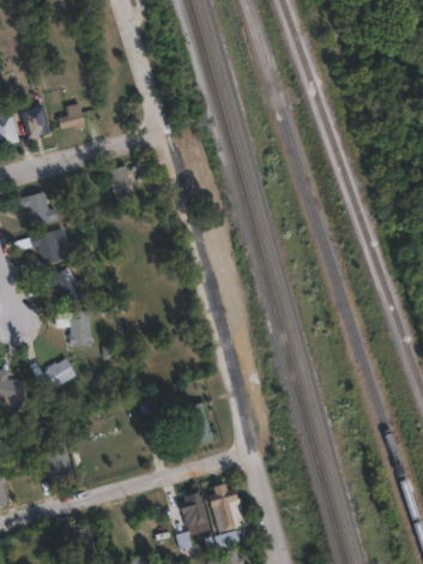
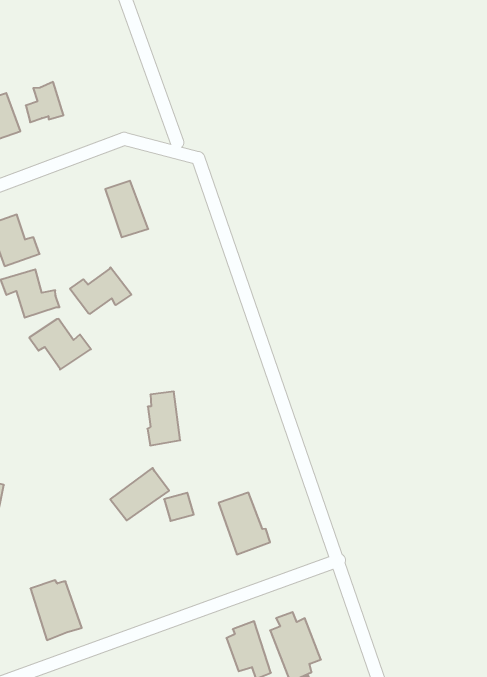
building: none -> [70,267,131,314]
building: [65,305,87,342] -> [147,392,180,445]
building: [34,356,75,392] -> [110,468,169,520]

